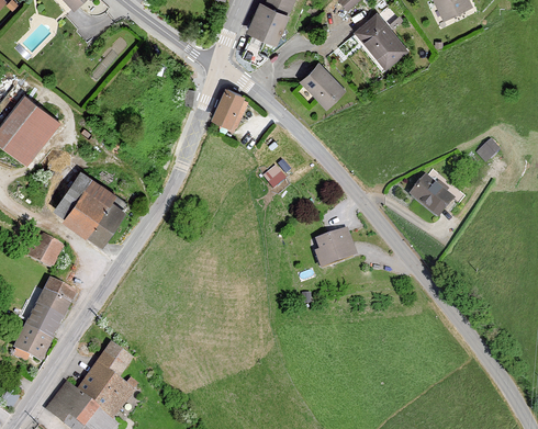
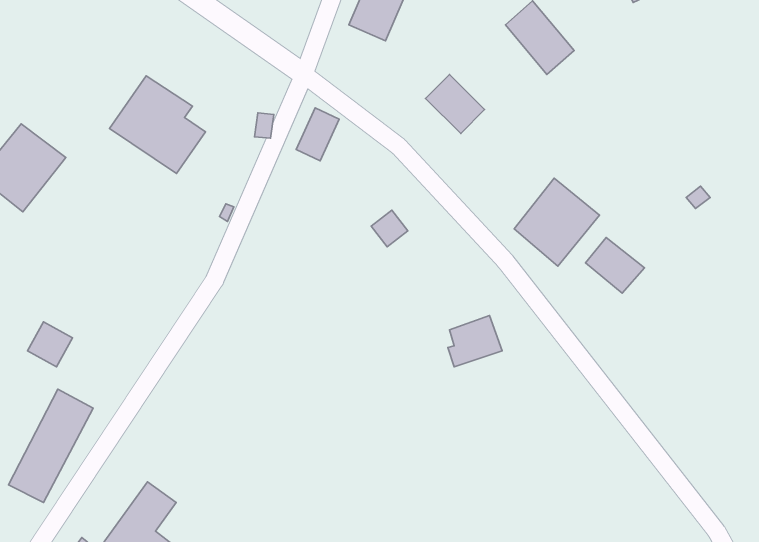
building: none -> [514,178,599,266]
building: [56,173,122,240] -> [110,76,205,173]

